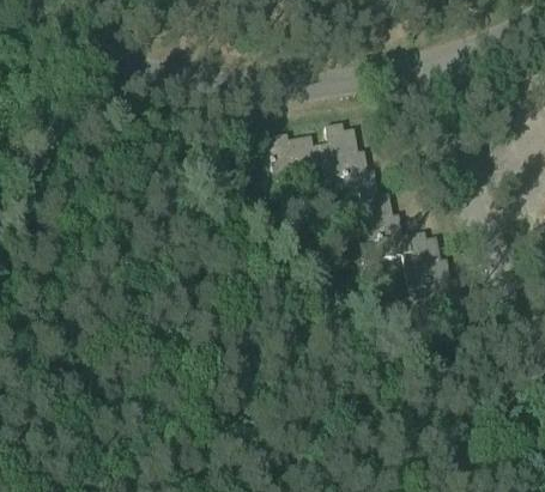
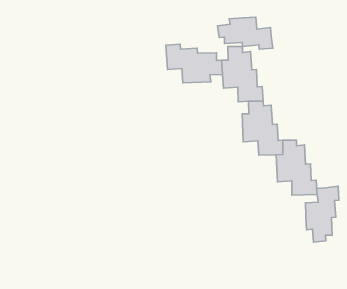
building: none -> [217,17,273,49]
building: none -> [306,186,339,242]

